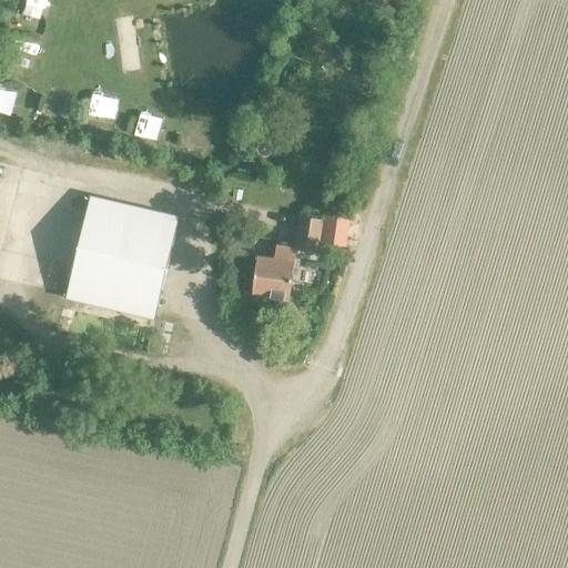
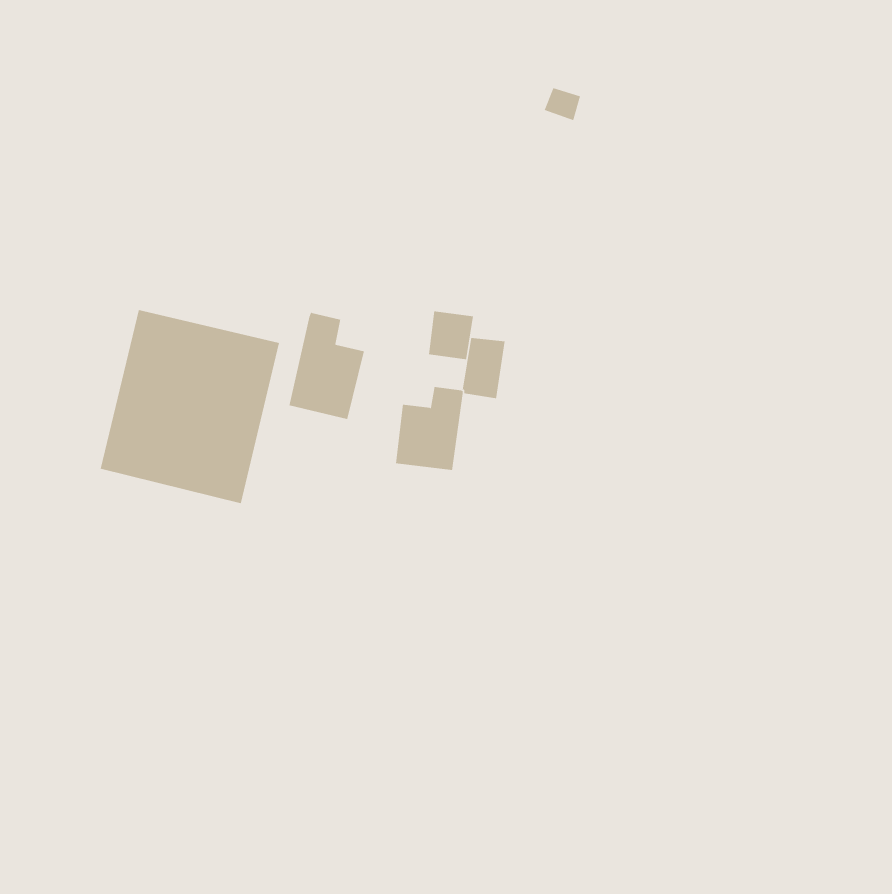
building: none -> [289,312,364,420]
building: [321,214,349,245] -> [428,311,474,360]

